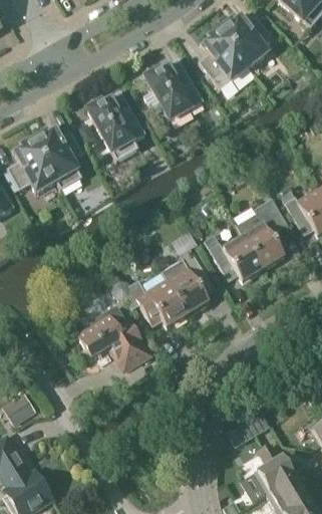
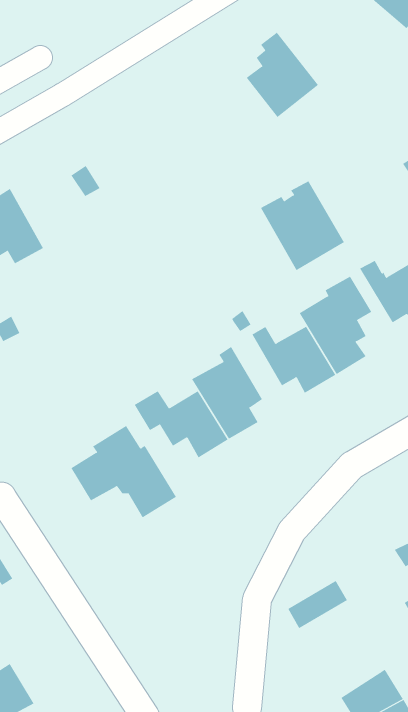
building: [220,15,272,66] -> none
building: [144,57,204,120] -> [260,181,345,271]
building: [87,90,145,162] -> none
building: [33,132,84,189] -> none
building: [251,444,292,495] -> none

